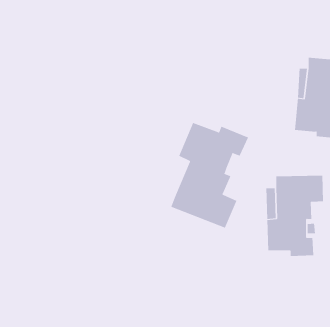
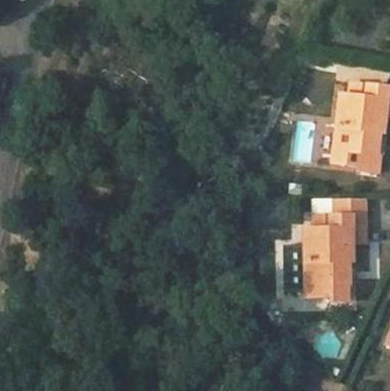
building: [170,122,249,228] -> none

